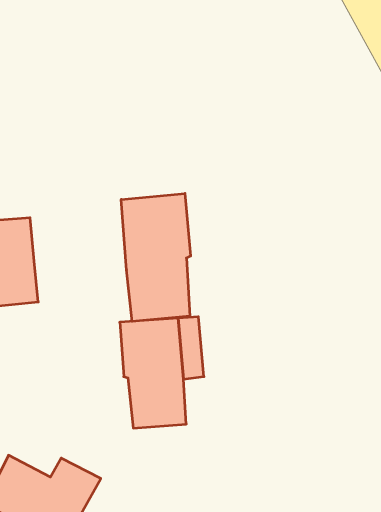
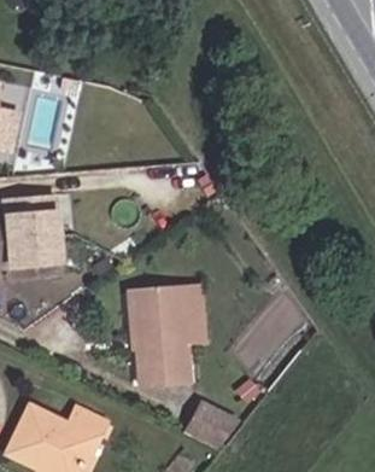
building: [121,193,191,321] -> none
building: none -> [183,401,239,447]

